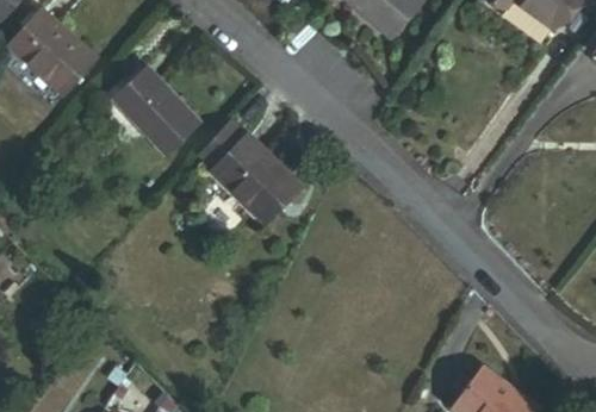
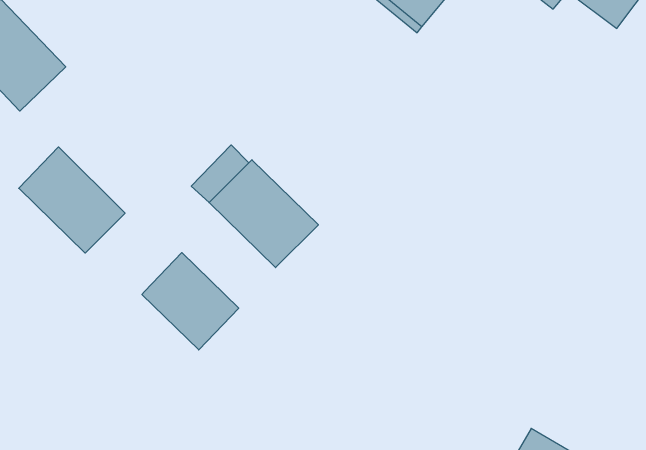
building: [119,74,205,160] -> [19,147,125,253]
building: none -> [142,253,239,350]

